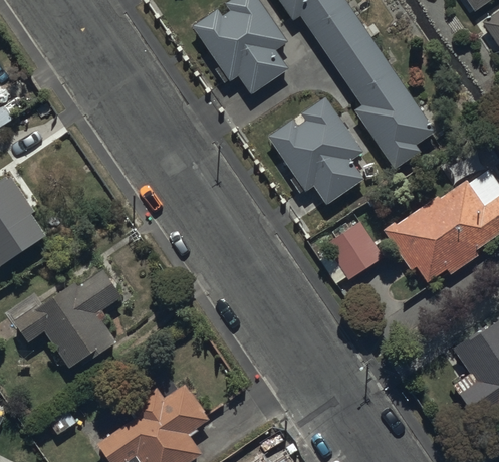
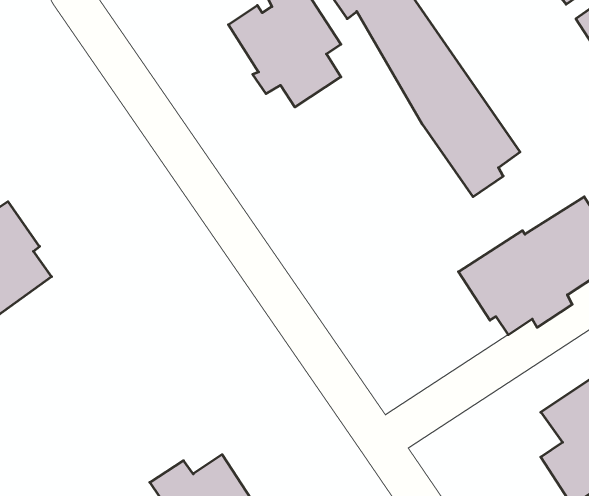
building: [268,95,364,204] -> none
building: [324,220,384,281] -> none
building: [15,268,123,369] -> none

